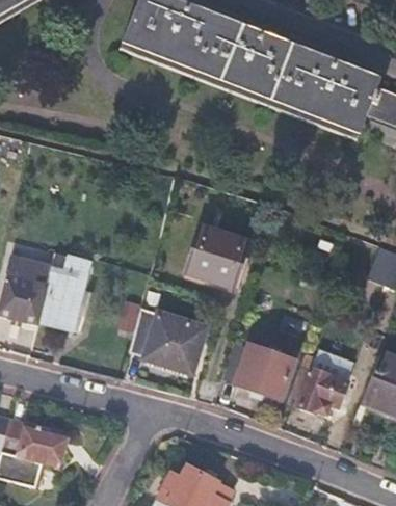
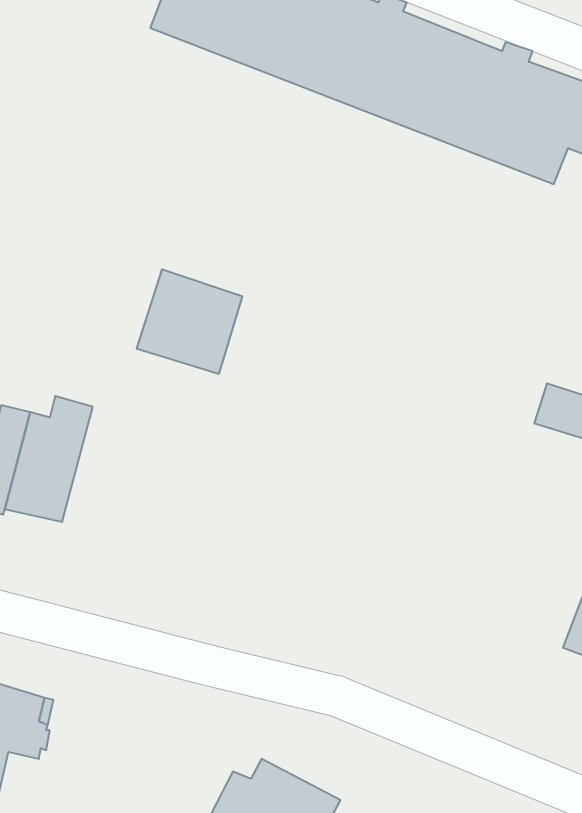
building: [185,227,246,287] -> [137,269,242,374]
building: [132,307,207,369] -> none
building: [225,342,294,399] -> none
building: [292,365,348,415] -> none

